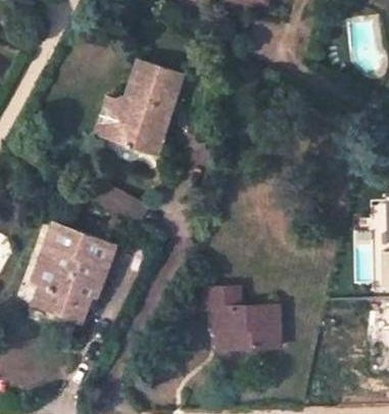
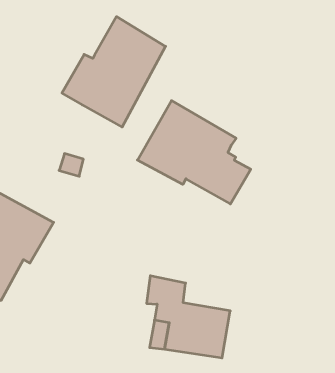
building: none -> [137,101,251,204]

